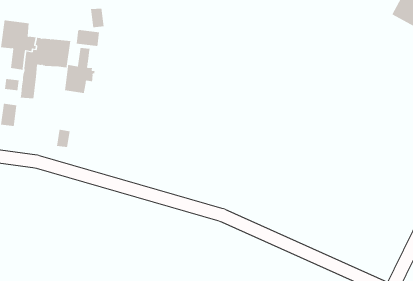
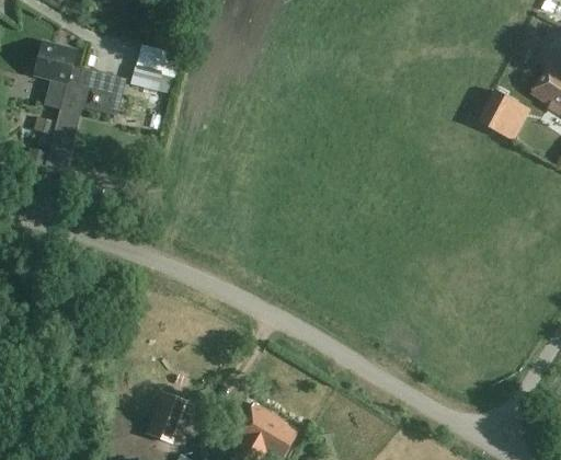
building: none -> [478,90,517,134]
building: [64,47,95,94] -> none

